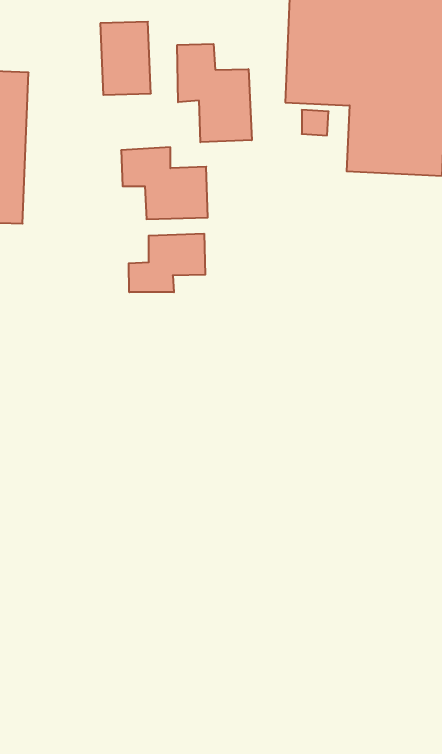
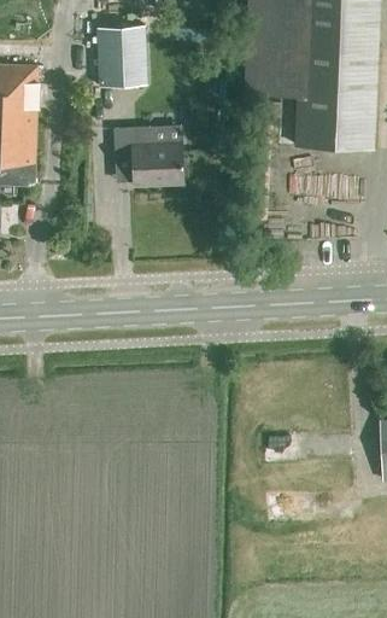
building: [177,44,252,142] -> none
building: [129,234,205,292] -> none

